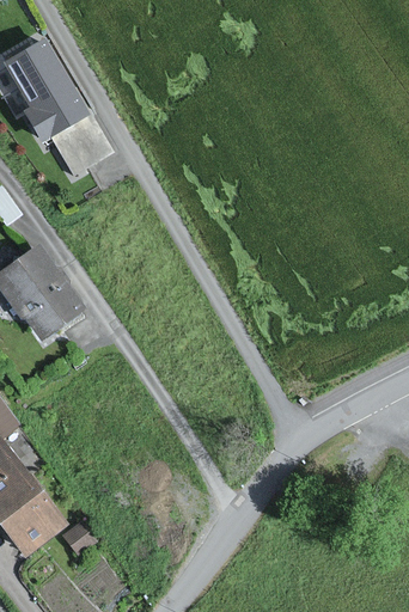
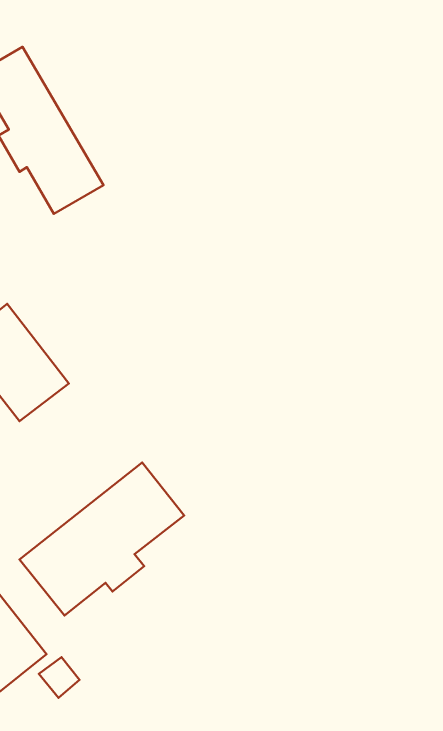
building: none -> [20,463,184,616]

